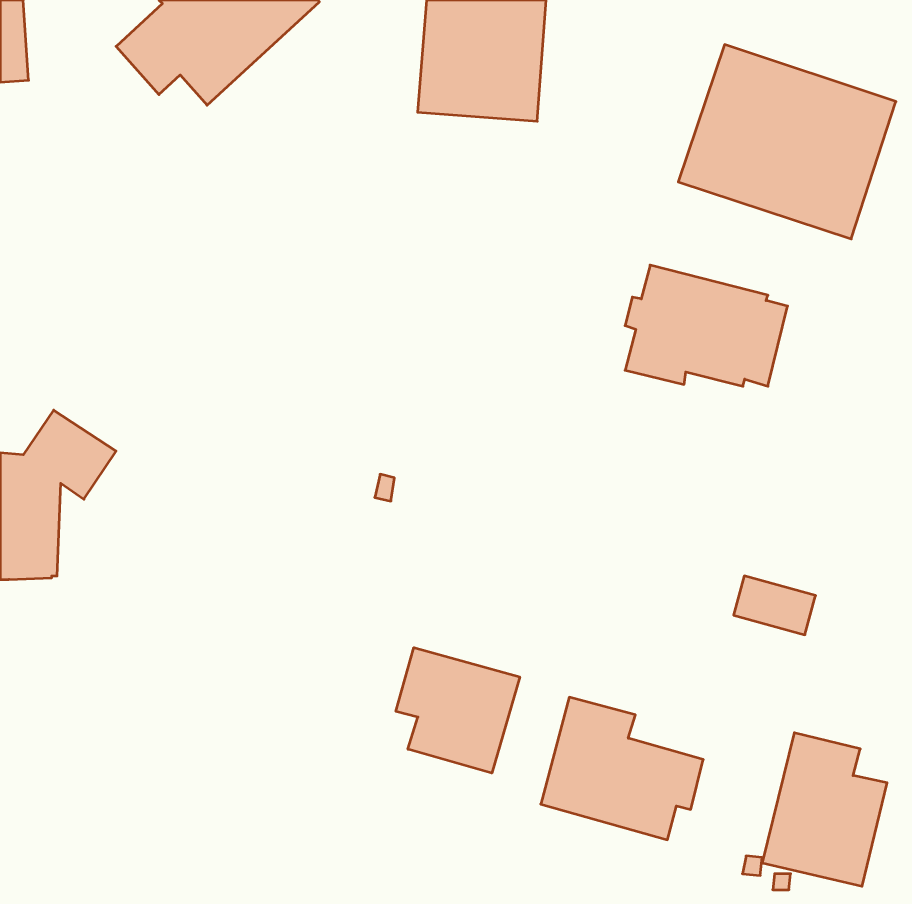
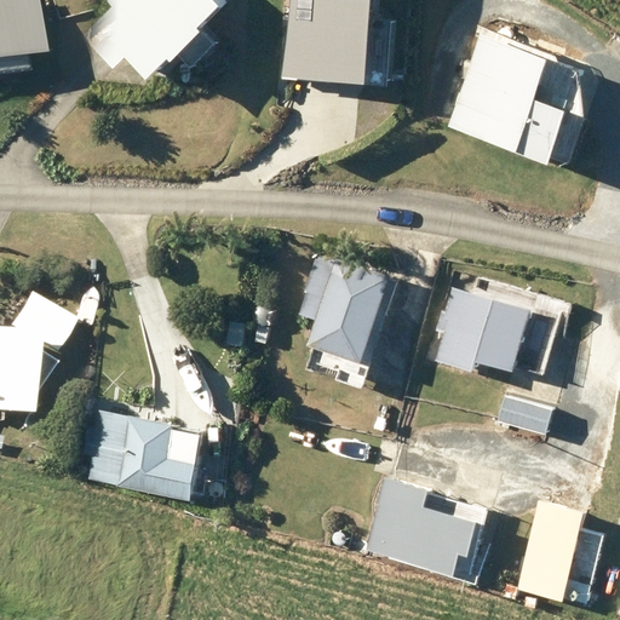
building: [625,265,788,386] -> [436,289,546,372]
building: none -> [300,257,391,361]
building: none -> [84,411,195,499]
building: [396,648,520,773] -> none

